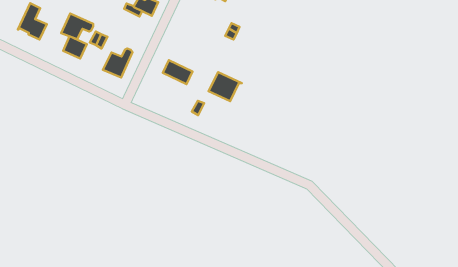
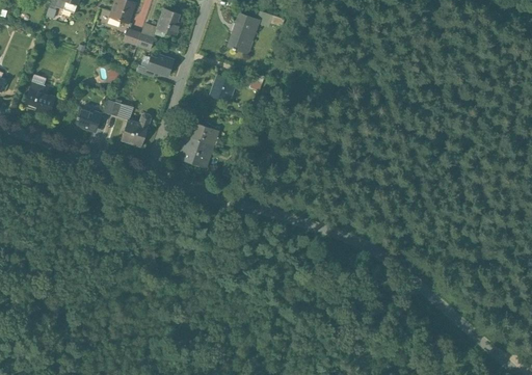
building: [61,13,93,39] -> none
building: none -> [210,75,236,103]
building: [208,72,242,101] -> [178,136,213,166]

